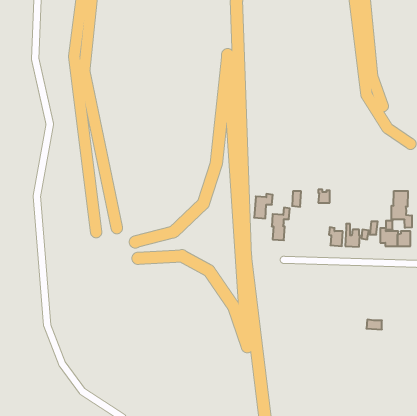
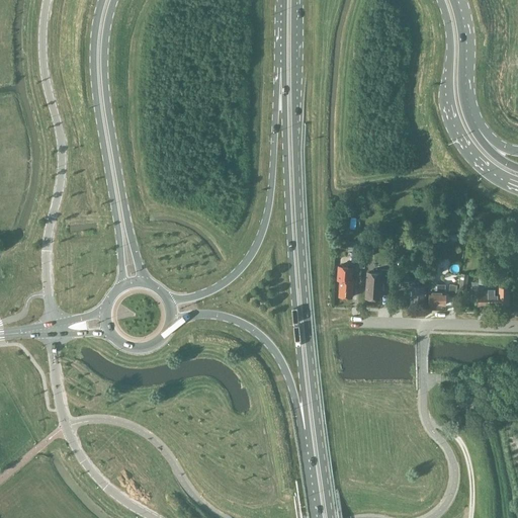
building: [391,191,412,228] -> none
building: [254,194,273,218] -> [365,271,388,301]

